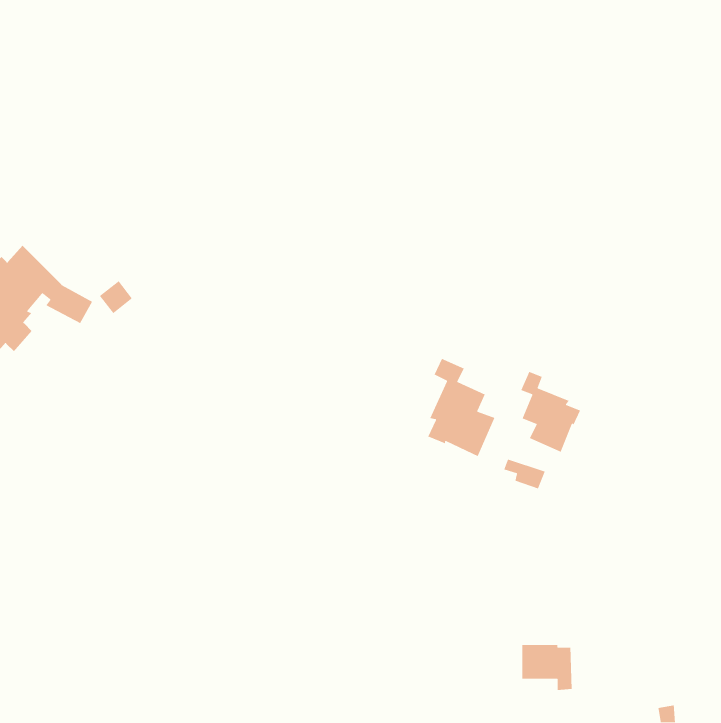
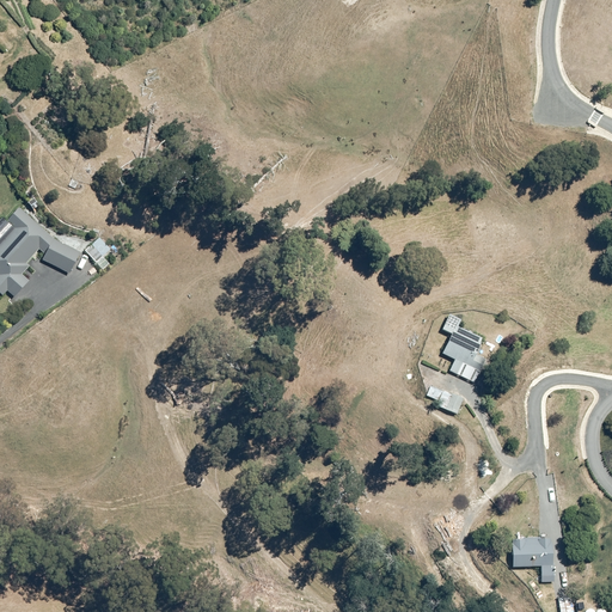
building: [427,358,495,457] -> none
building: [522,644,572,691] -> [510,537,553,576]

